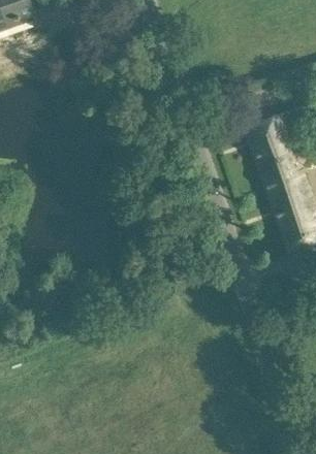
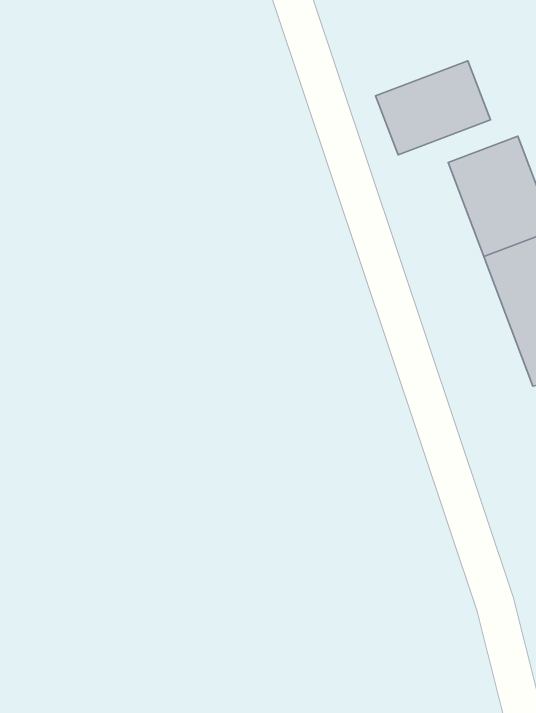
building: none -> [375,61,490,155]

